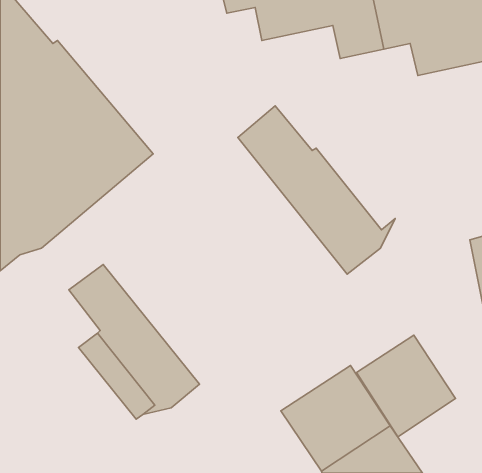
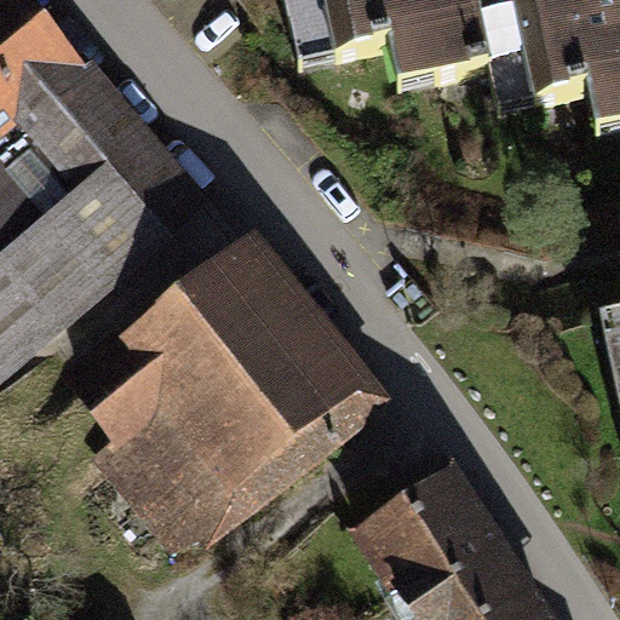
building: [238,106,395,274] -> none
building: none -> [133,257,361,495]
building: [356,335,455,437] -> none

